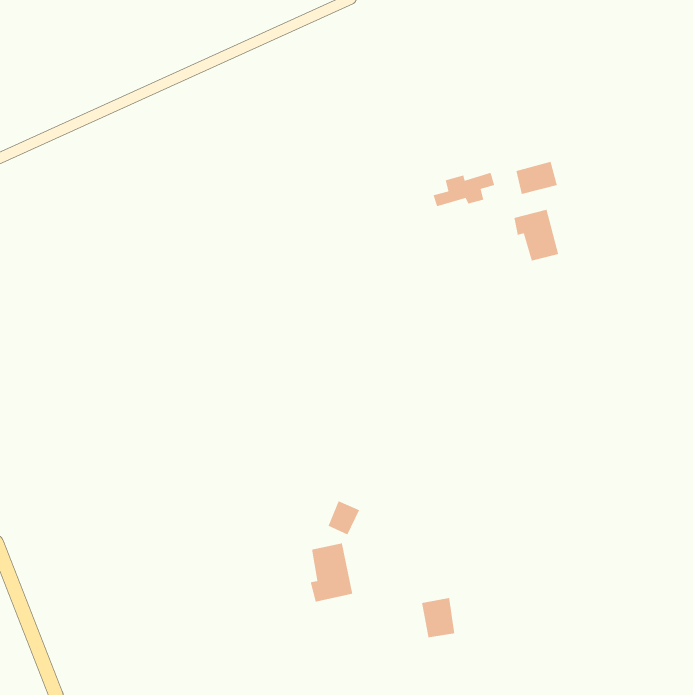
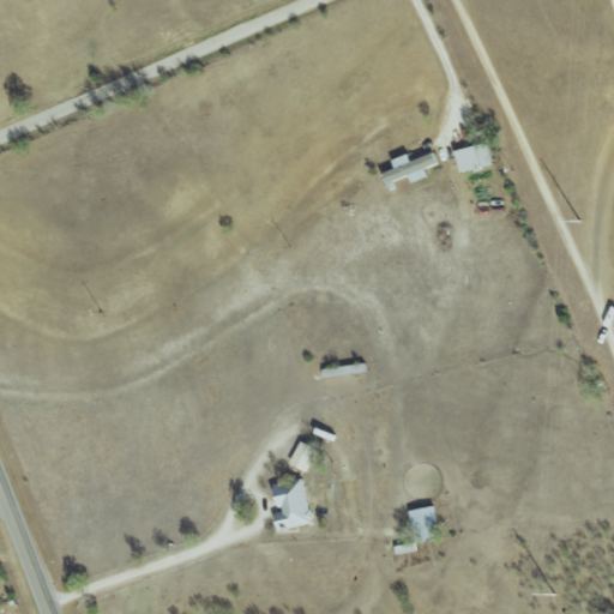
building: [513,209,559,261] -> none
building: [421,597,455,638] -> [408,505,438,541]

